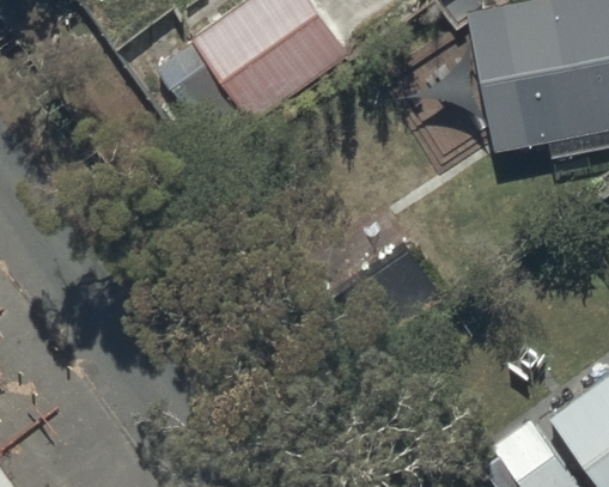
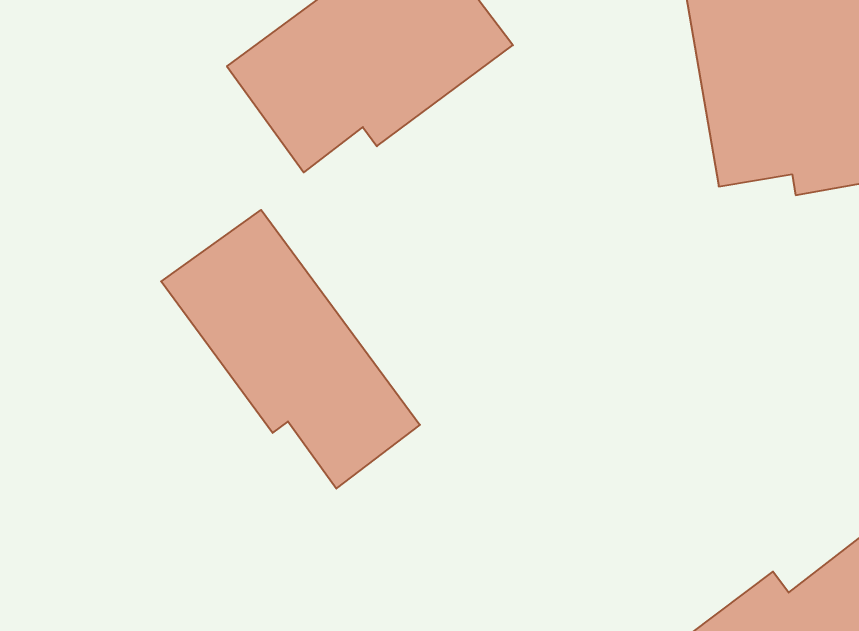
building: none -> [161,210,420,489]

